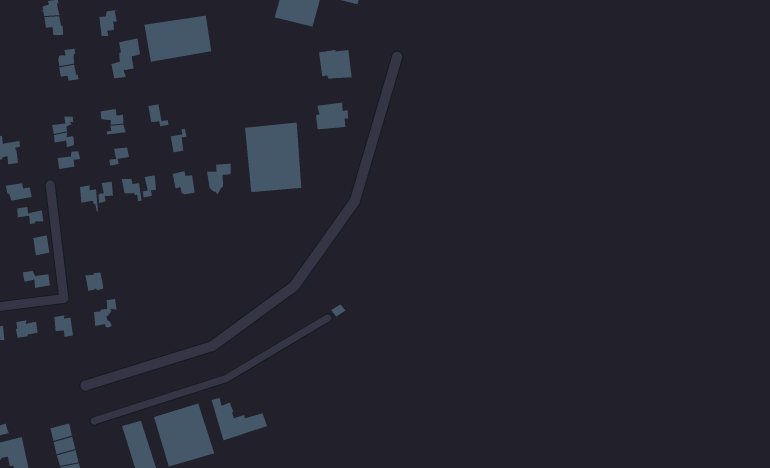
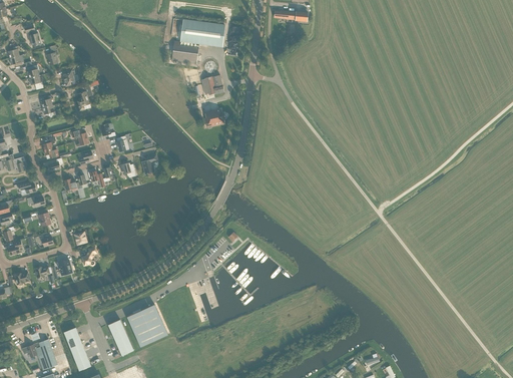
building: [144,15,212,62] -> none
building: [245,122,302,193] -> none
building: [211,397,268,441] -> none

